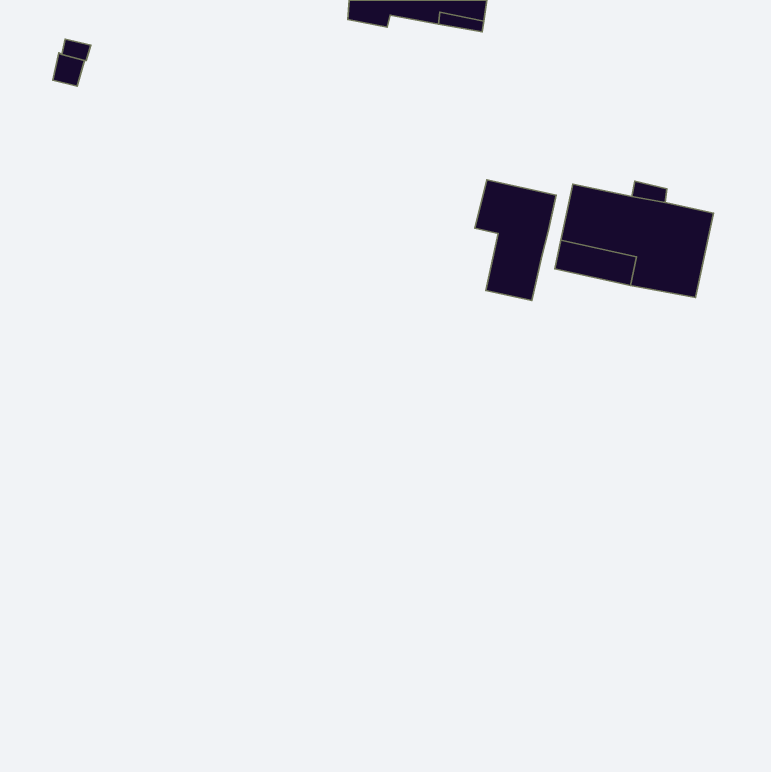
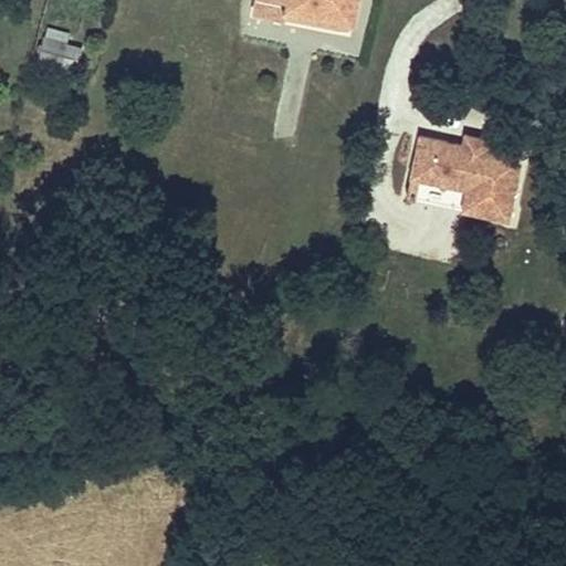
building: [475,180,556,300] -> none

